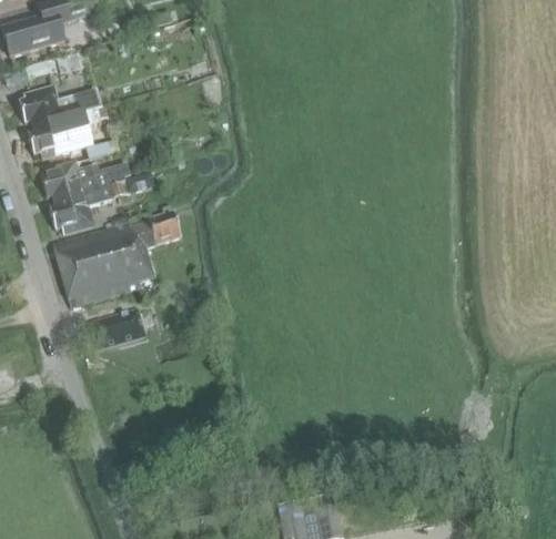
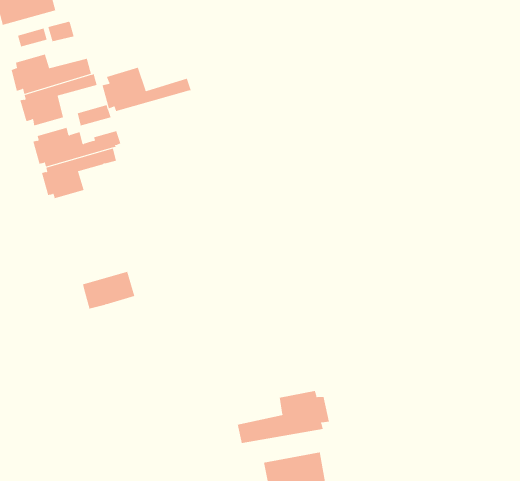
building: none -> [102,67,191,112]
building: [53,210,182,305] -> none
building: none -> [237,390,330,444]

